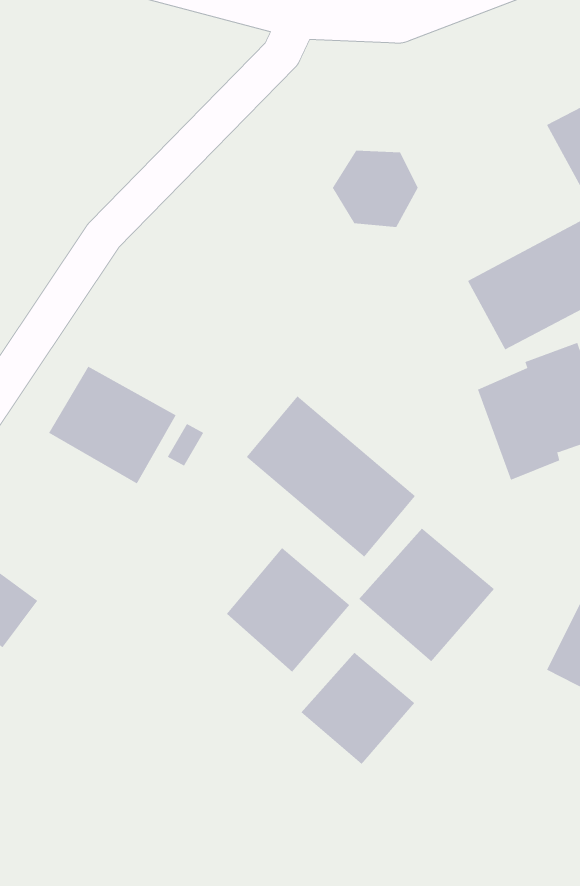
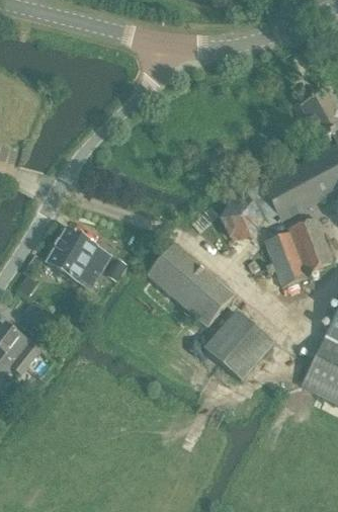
building: [332,150,419,227] -> [219,199,263,239]
building: [226,547,350,672] -> none
building: [301,652,415,765] -> none

